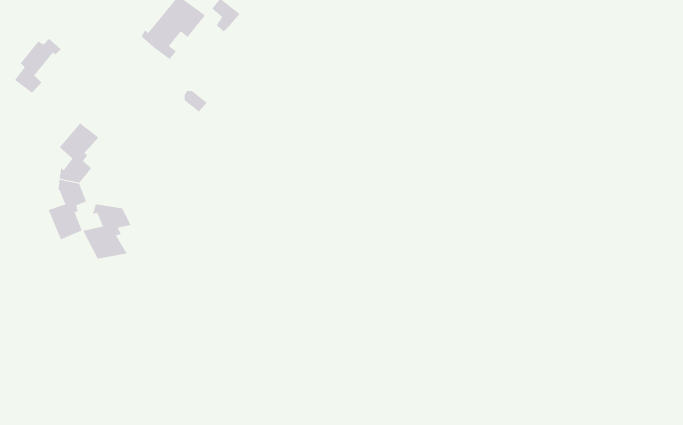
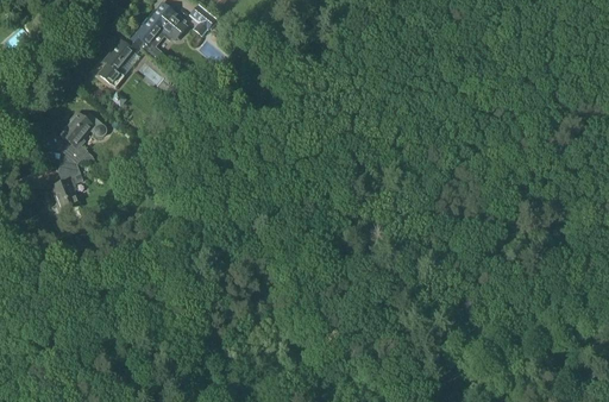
building: [14,38,61,94] -> [100,37,140,84]
building: [83,204,132,259] -> none

